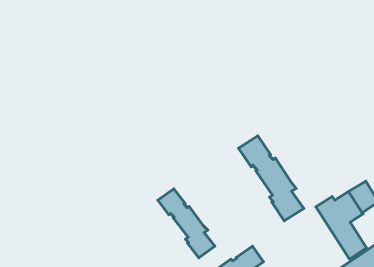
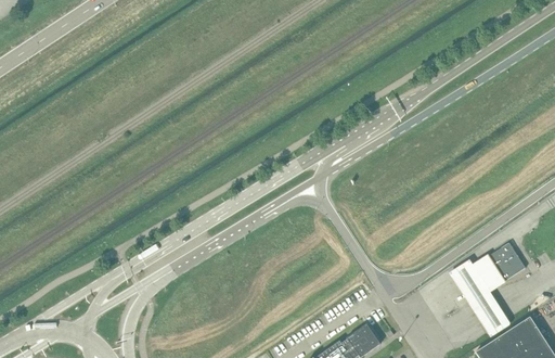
building: [238,136,304,221] -> none
building: [158,189,215,258] -> none

